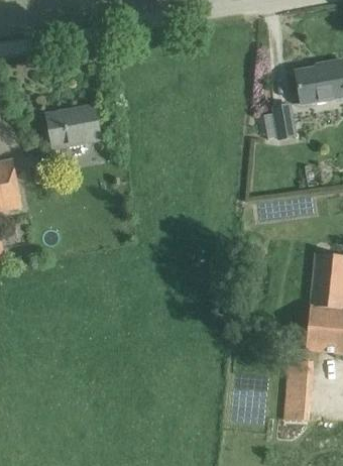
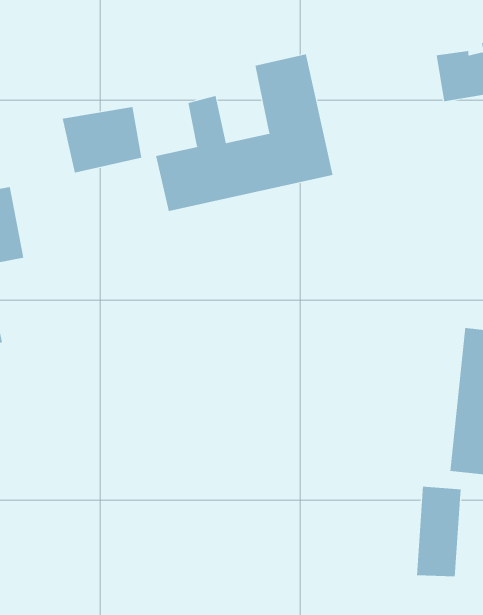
building: none -> [155,53,333,212]
building: [272,103,295,139] -> none

